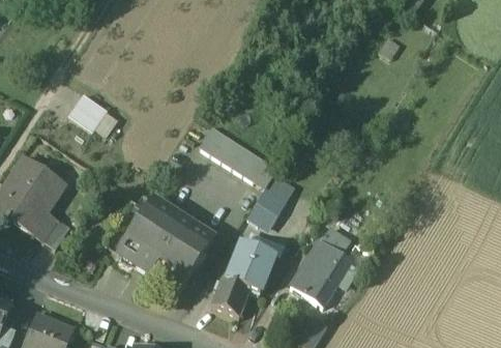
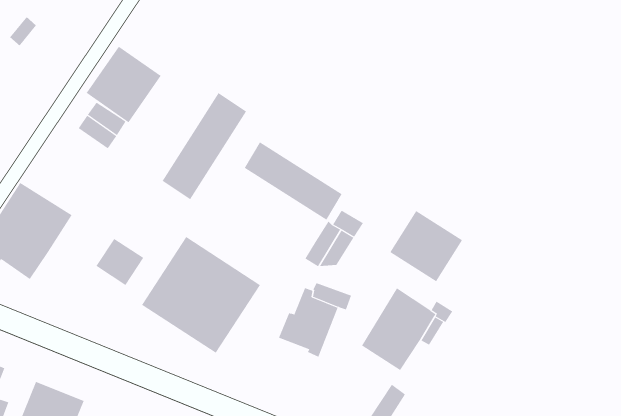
building: none -> [86,46,162,123]
building: none -> [162,92,247,200]
building: none -> [390,210,463,282]
building: [31,211,69,249] -> [95,238,144,286]
building: [210,277,249,316] -> none

